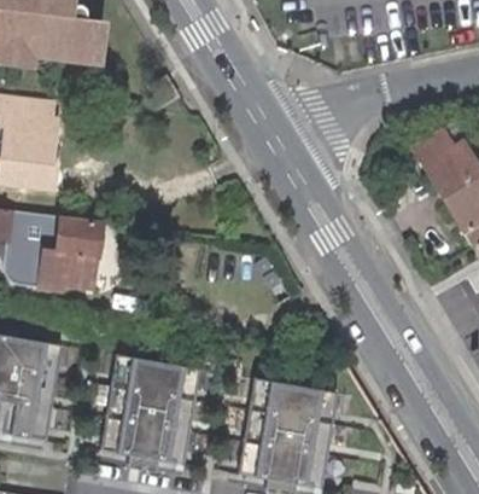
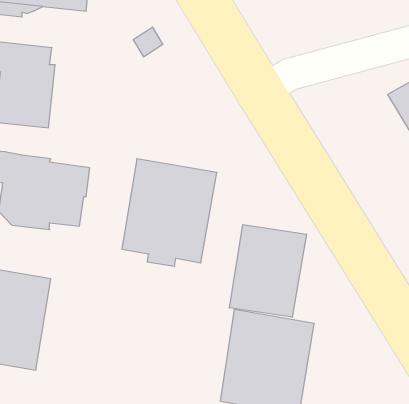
building: none -> [229,225,307,317]
building: [99,354,199,467] -> [122,159,217,266]

